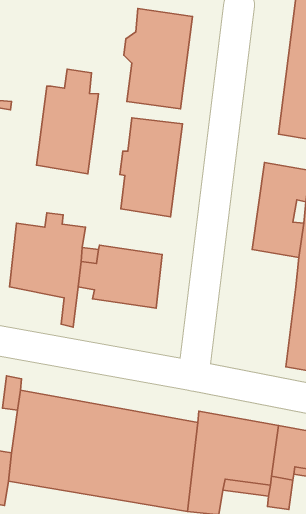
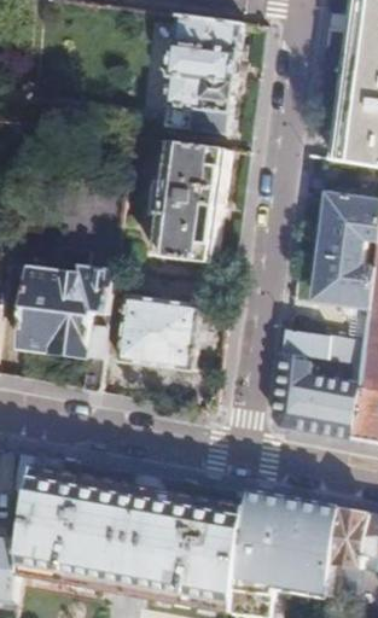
building: [37,69,98,174] -> none
building: none -> [271,328,362,438]

